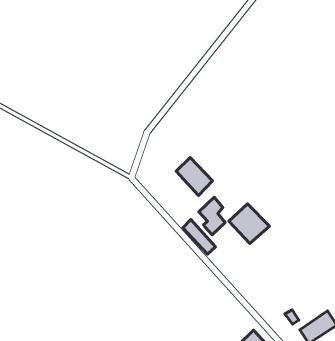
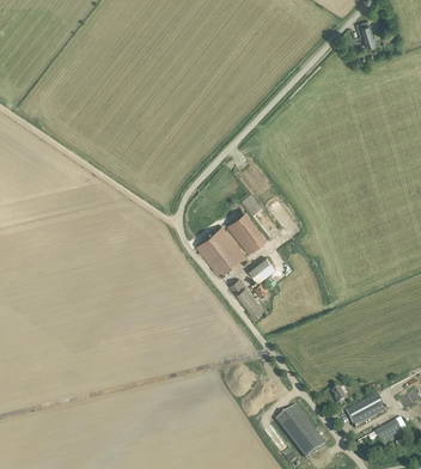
building: none -> [197,226,245,276]
building: [229,204,270,243] -> none

